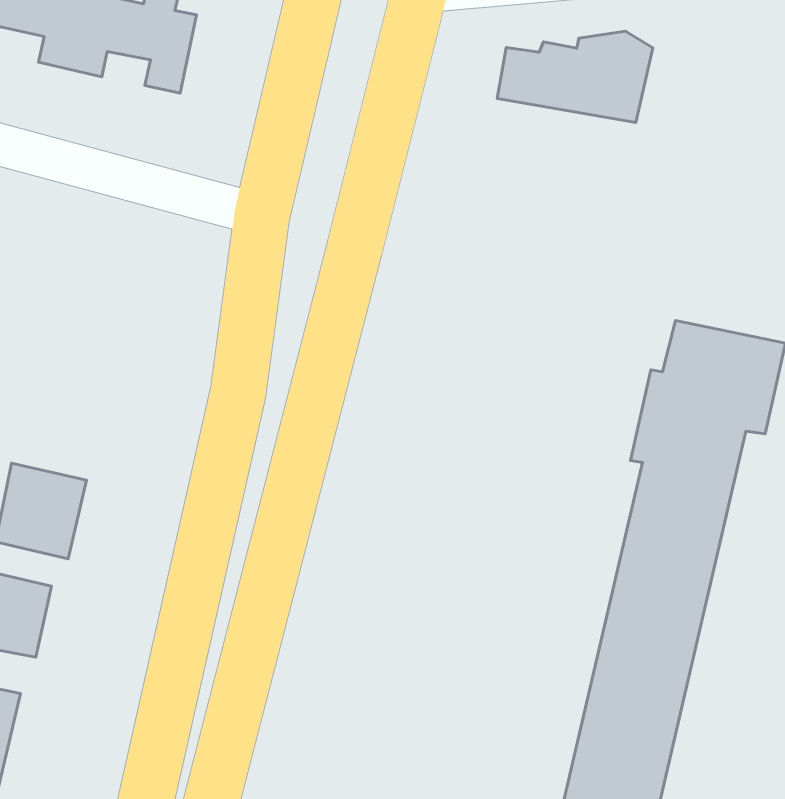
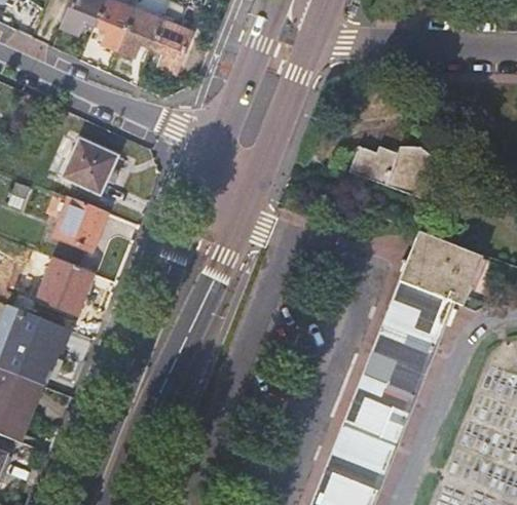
building: [497,31,653,123] -> [349,146,438,197]
building: none -> [63,139,118,195]
building: none -> [54,197,106,250]

